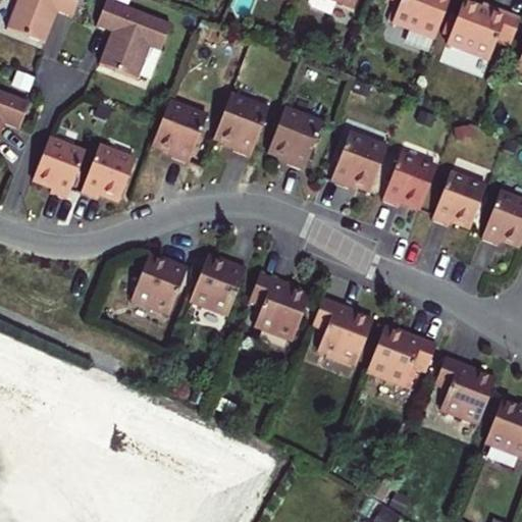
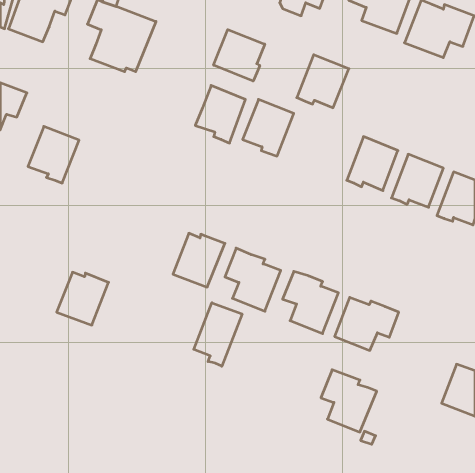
building: none -> [214,30,265,81]
building: [152,101,207,163] -> none
building: [329,134,386,192] -> [297,55,349,108]
building: [79,150,136,209] -> none
building: [129,256,187,314] -> [57,272,109,325]
building: none -> [194,303,242,366]
building: [433,356,494,424] -> [321,370,377,432]

